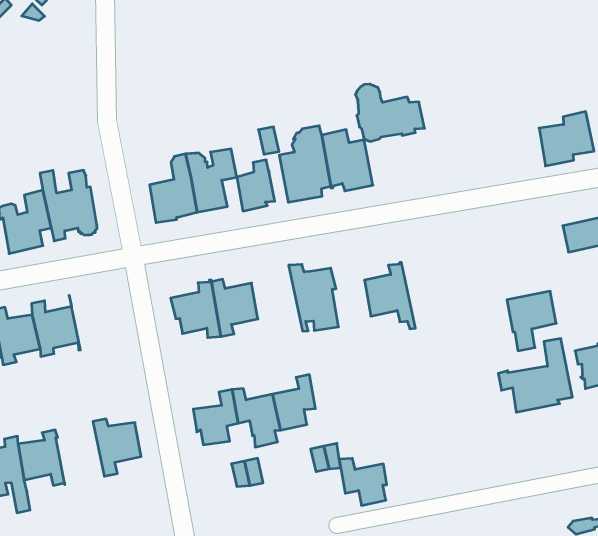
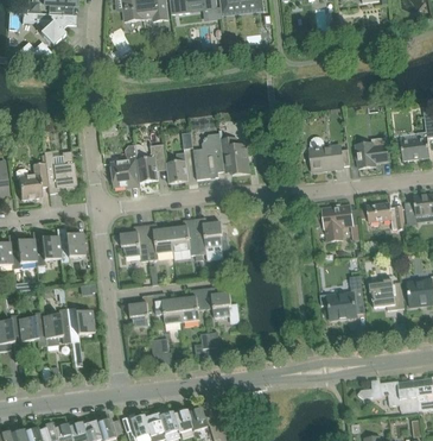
building: [355,84,425,141] -> [307,136,349,171]
building: [364,262,415,329] -> [170,219,199,260]
building: [507,291,556,351] -> [321,204,351,240]
building: none -> [56,227,84,263]
building: none -> [42,308,70,346]
building: [339,458,387,505] -> [202,288,230,317]

